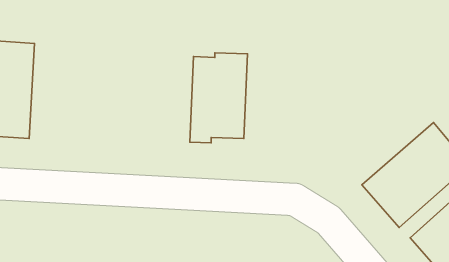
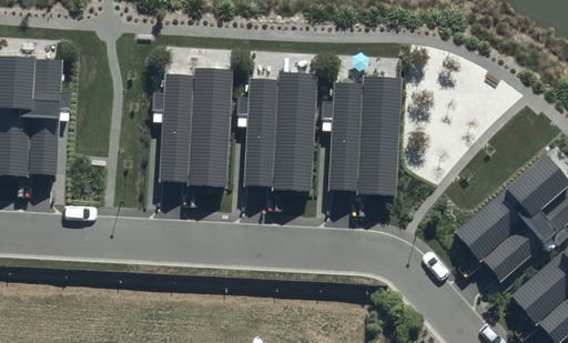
building: none -> [332,77,399,185]
building: none -> [164,78,233,186]

